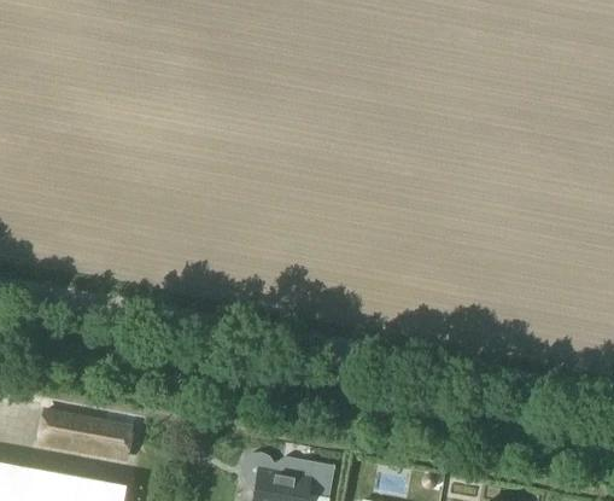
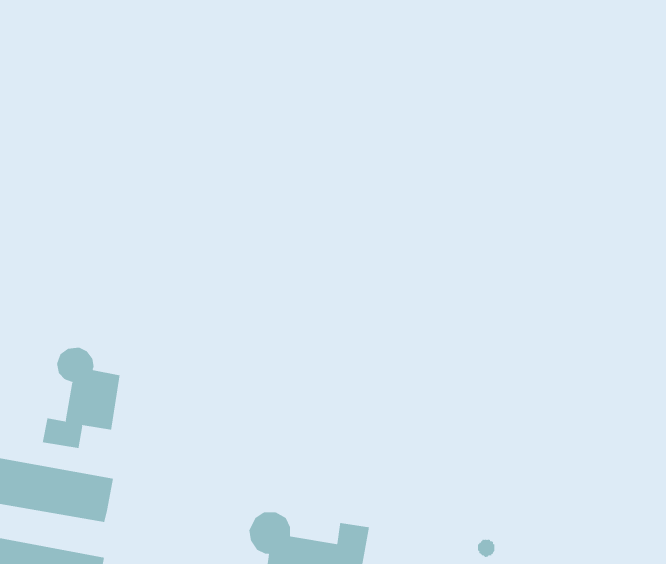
building: none -> [42,347,120,449]

